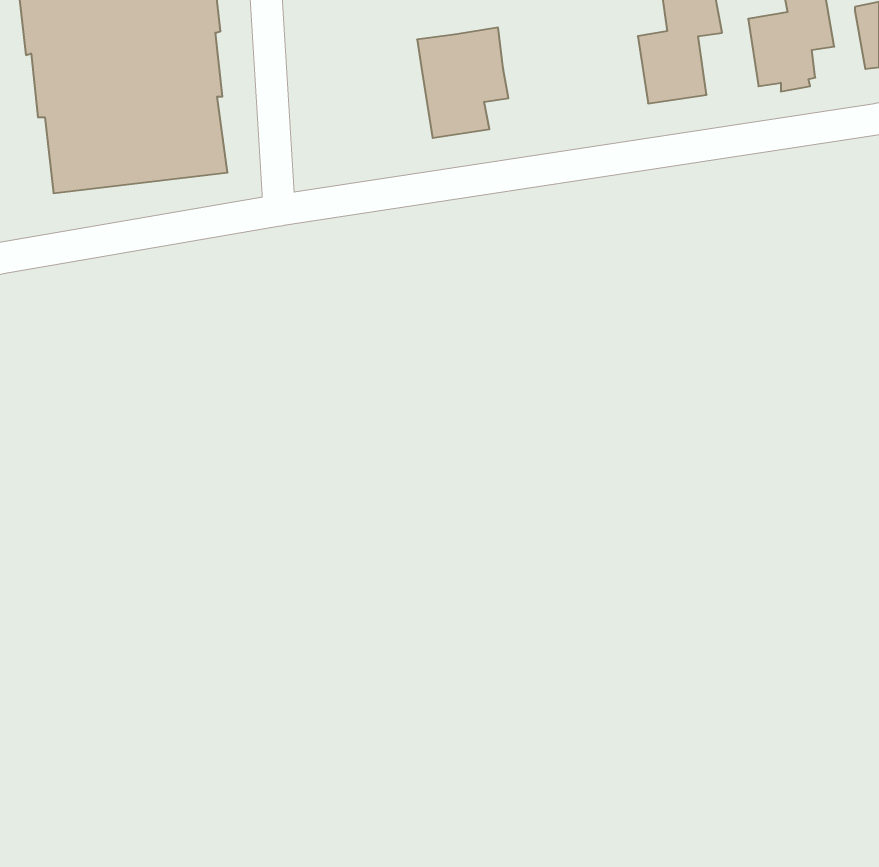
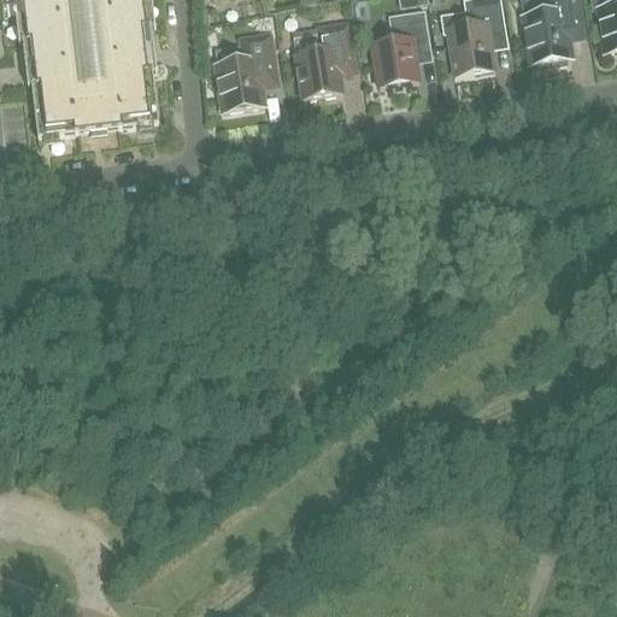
building: none -> [371,6,428,84]
building: none -> [216,30,277,108]

